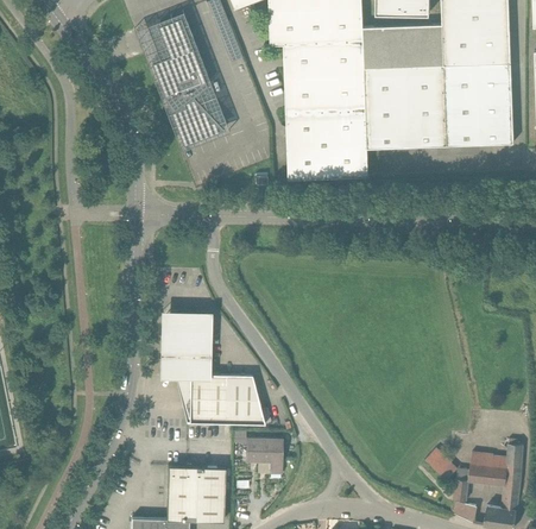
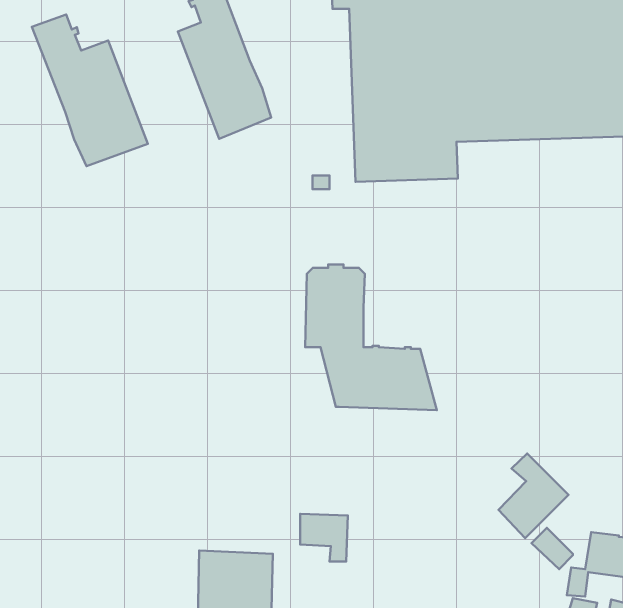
building: none -> [32,15,148,166]
building: [163,311,265,424] -> [305,265,437,410]
building: none -> [499,454,568,538]

